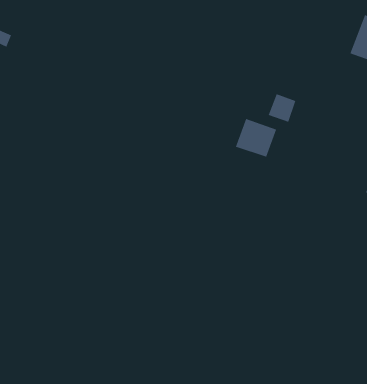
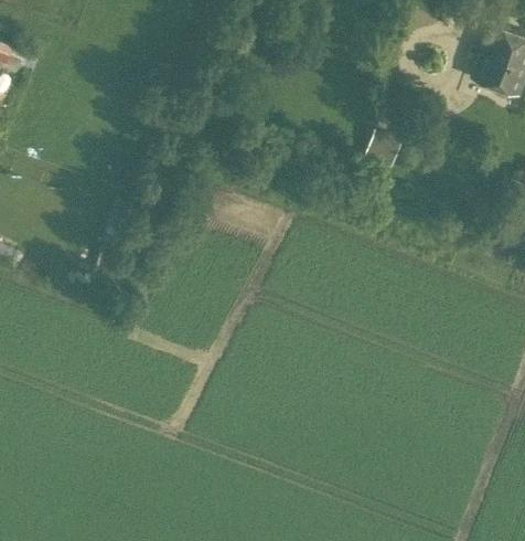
building: [235,118,277,158] -> none

